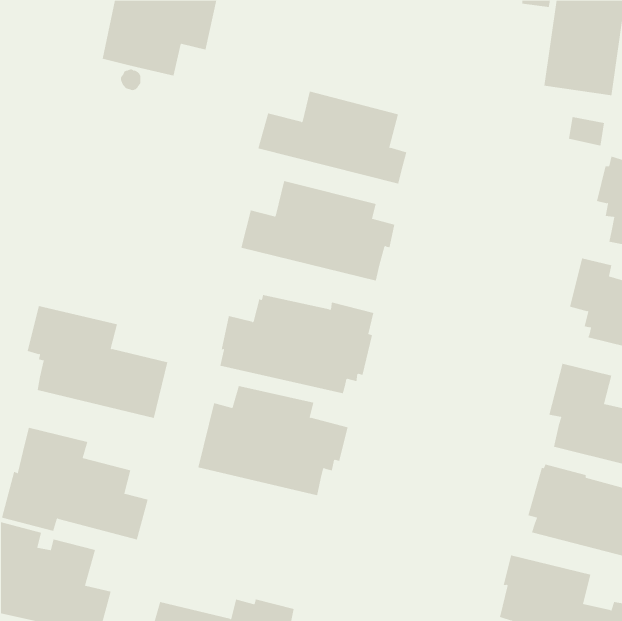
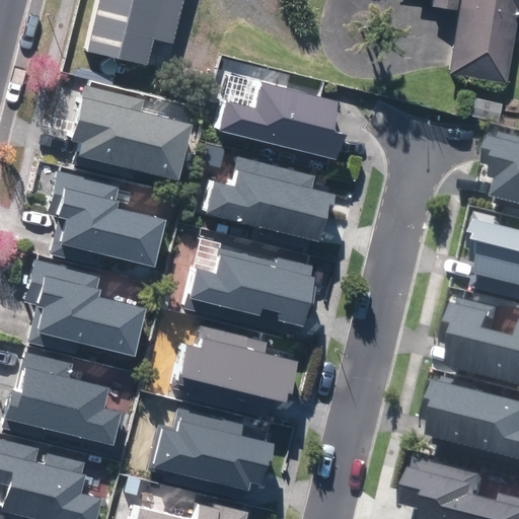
building: none -> [70,84,191,177]
building: none -> [48,167,163,262]
building: none -> [146,403,268,495]

